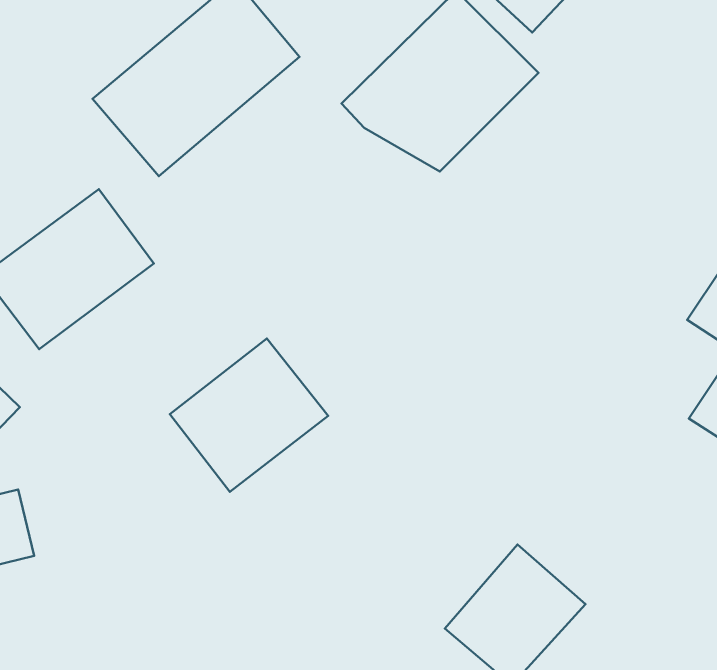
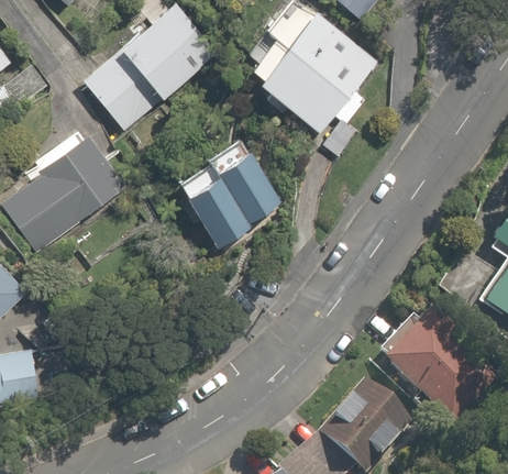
building: [170,338,328,492] -> [174,145,281,250]
building: none -> [371,308,489,423]

